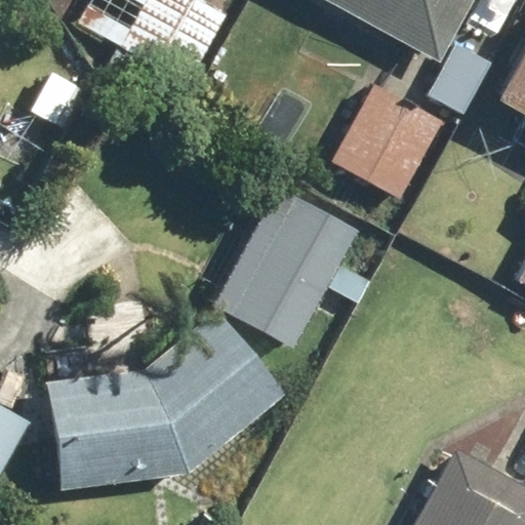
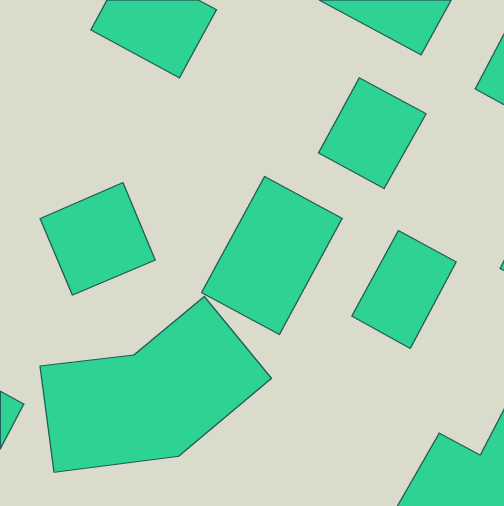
building: none -> [40,183,155,295]
building: none -> [352,231,456,348]

